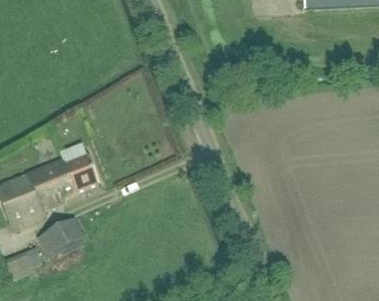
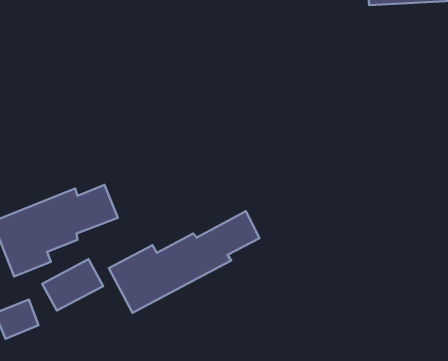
building: none -> [109,211,260,313]

